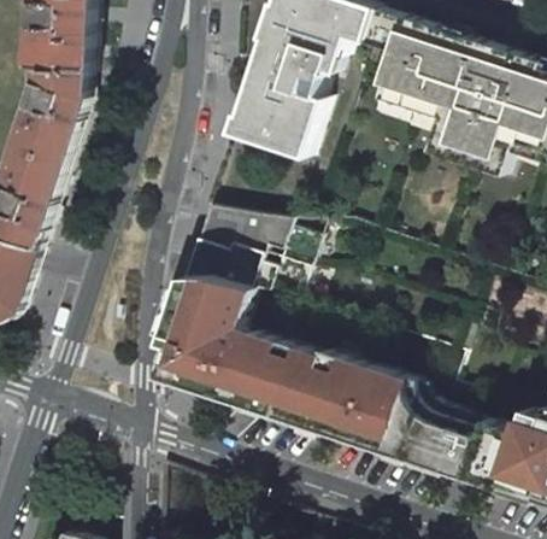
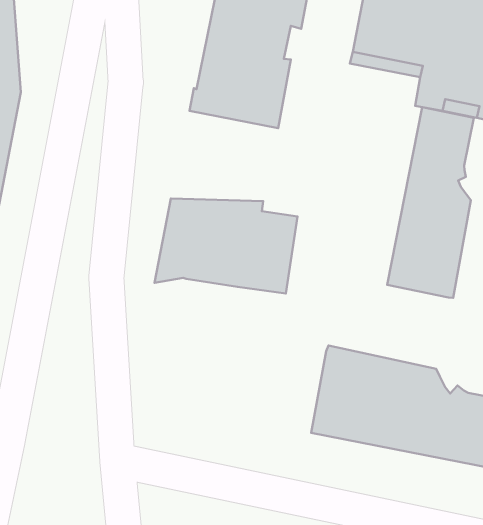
building: none -> [387,107,474,298]
building: [154,274,318,421] -> none

